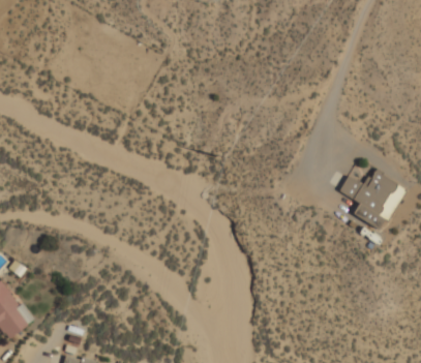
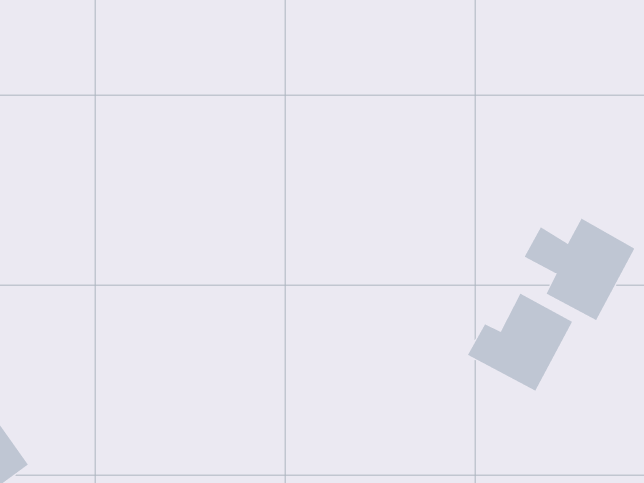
building: none -> [467,293,573,391]

